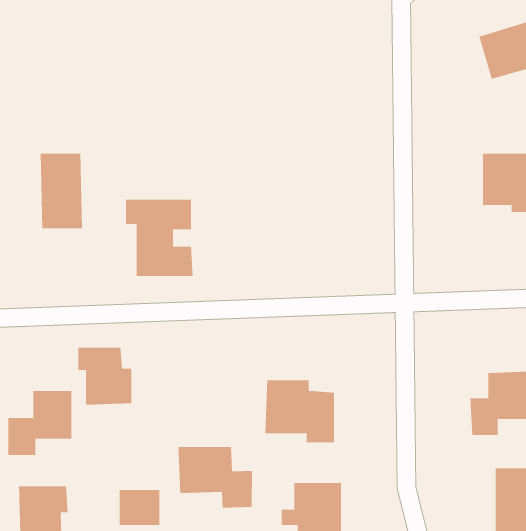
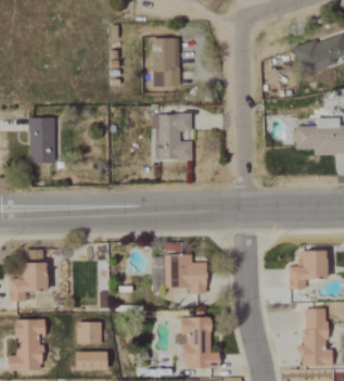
building: none -> [151,37,179,87]
building: [125,199,193,277] -> [151,114,192,161]
building: [78,347,132,405] -> none
building: [178,446,252,508] -> none

